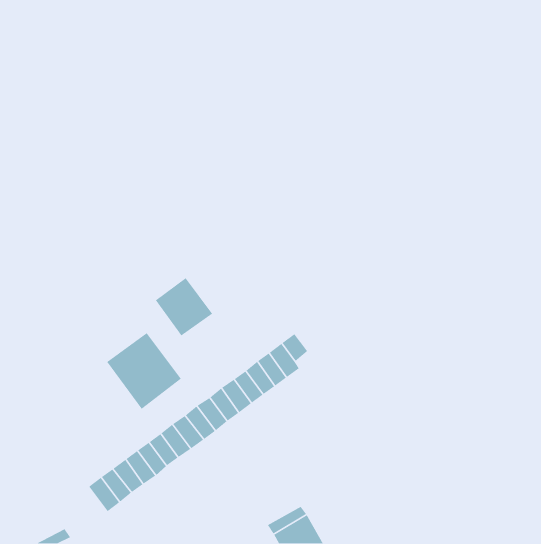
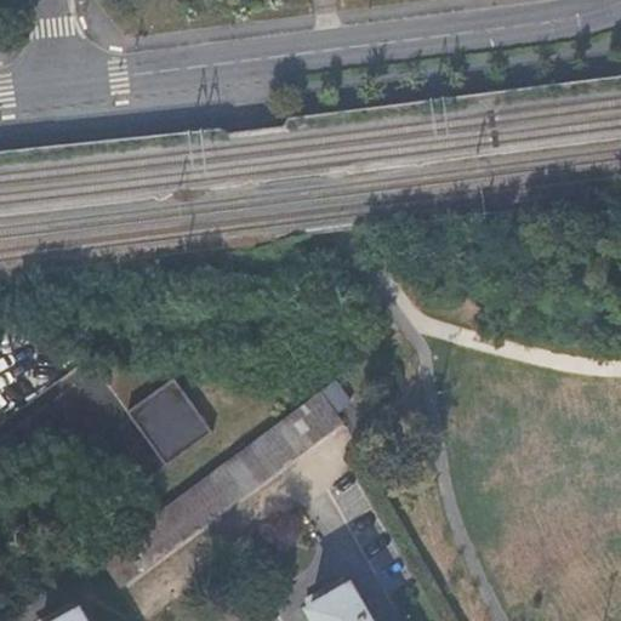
building: [155,277,213,337] -> none

